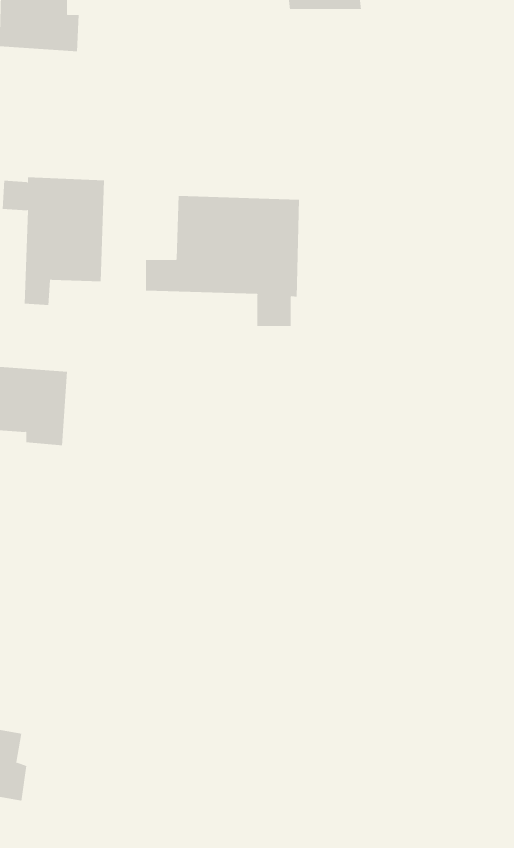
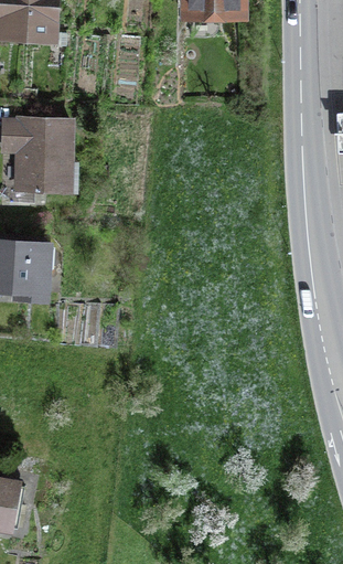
building: [146,195,300,327] -> none

